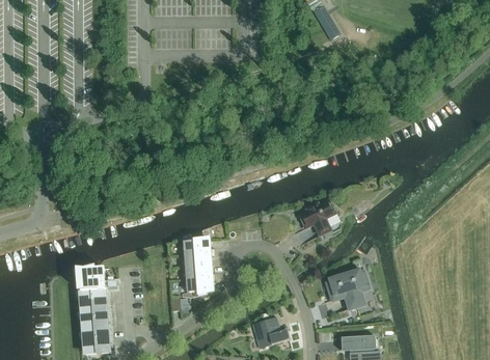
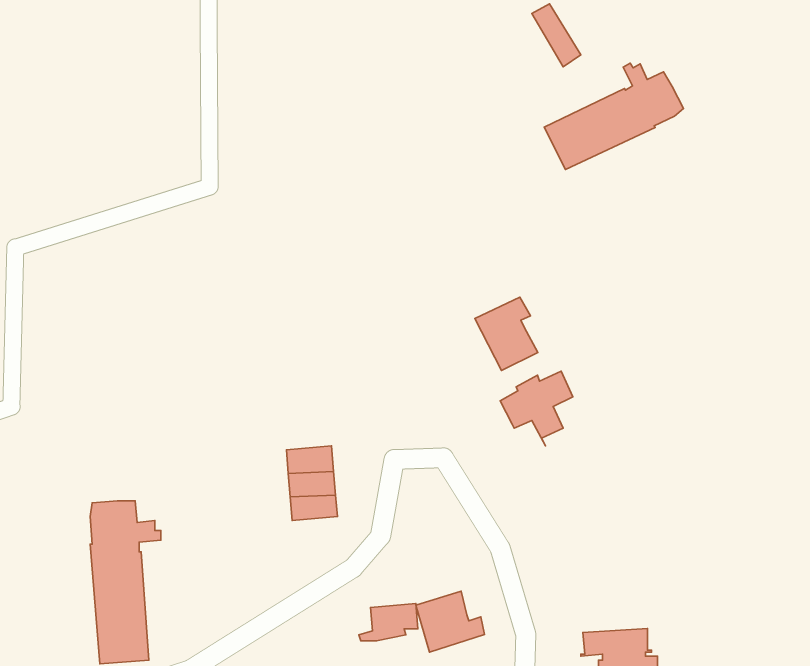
building: none -> [544,63,683,170]
building: none -> [475,297,538,371]
building: [326,268,367,308] -> none
building: [181,276,212,296] -> [359,603,418,641]

